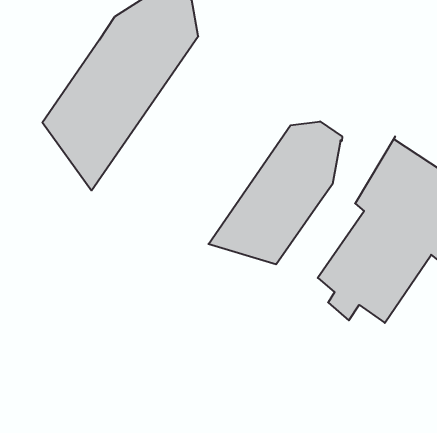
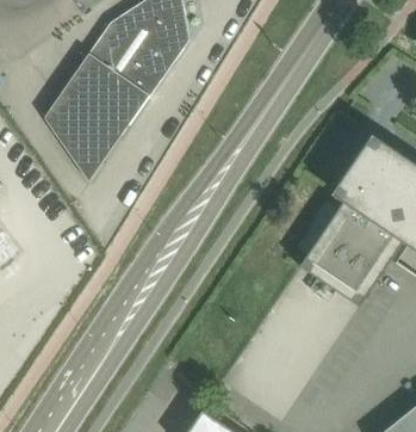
building: [208,121,342,264] -> none

